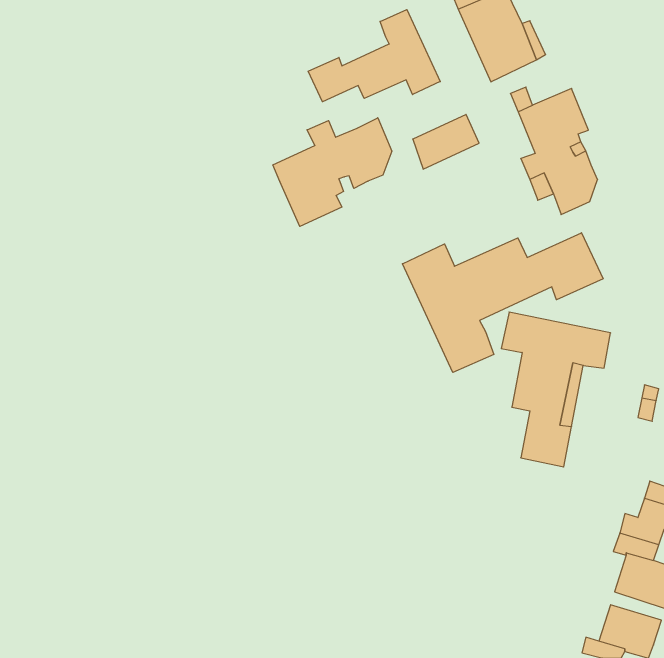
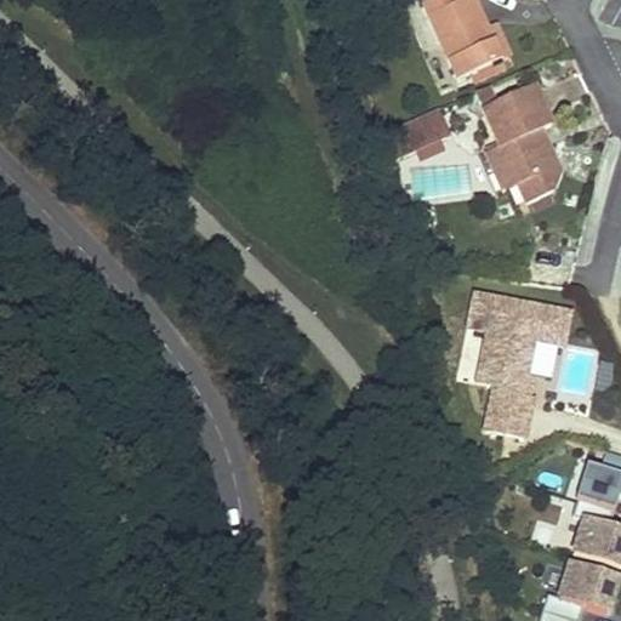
building: [308,10,440,102] -> none
building: [273,118,392,226] -> none
building: [402,233,603,372] -> none

